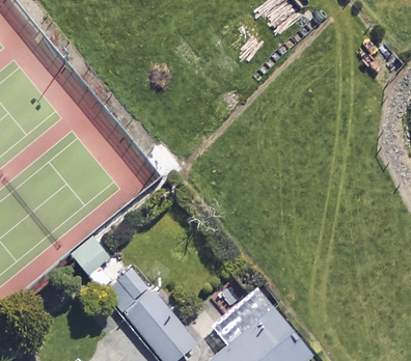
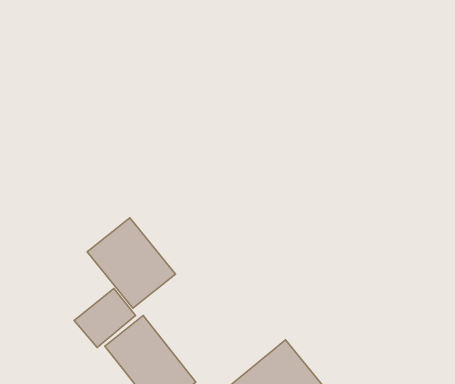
building: none -> [87,218,175,308]

